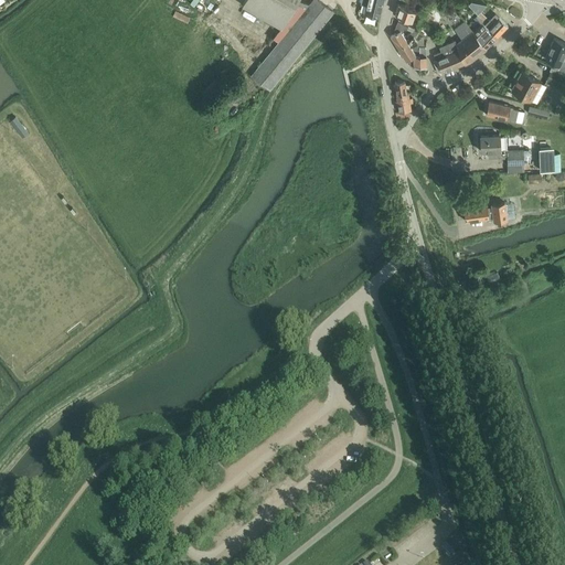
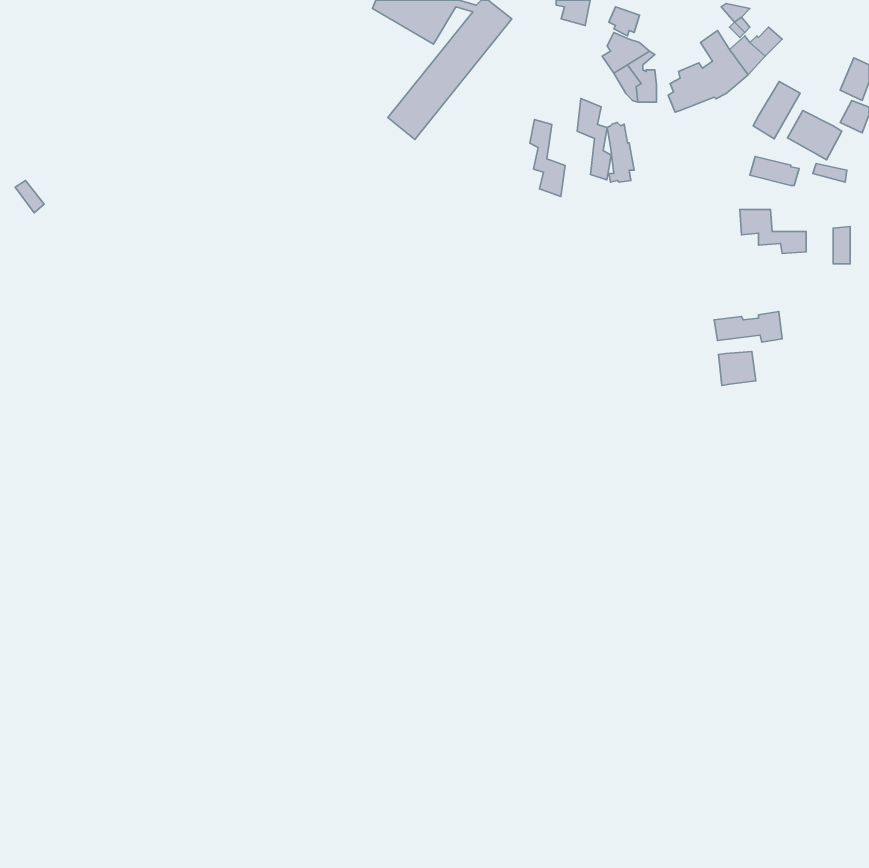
building: none -> [753,81,800,139]
building: none -> [577,99,611,180]
building: none -> [530,120,565,196]
building: none -> [719,352,756,386]

